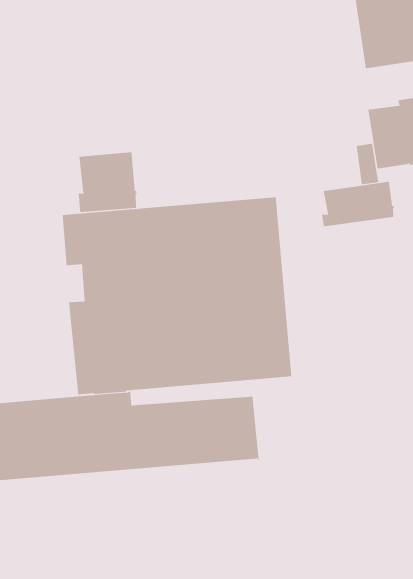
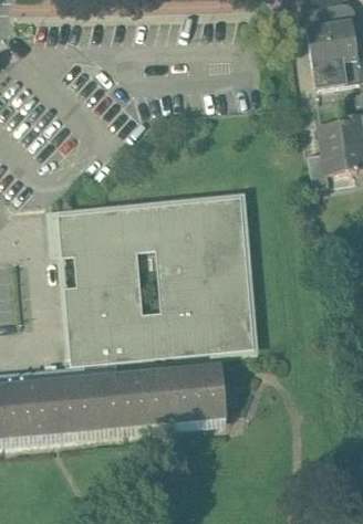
building: [78,151,137,213] -> none
building: [322,181,395,227] -> none

